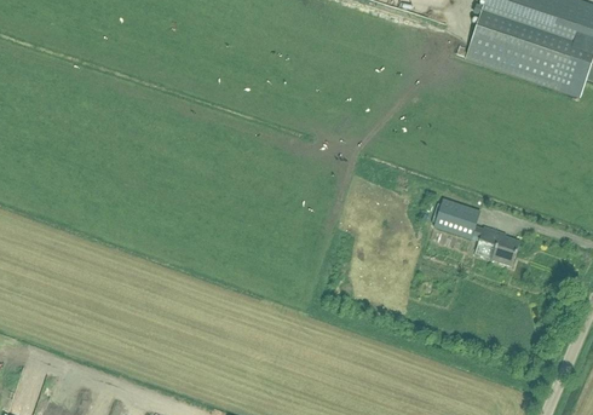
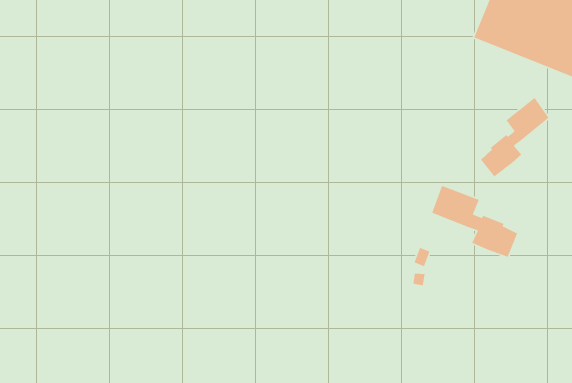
building: none -> [480,97,549,178]

